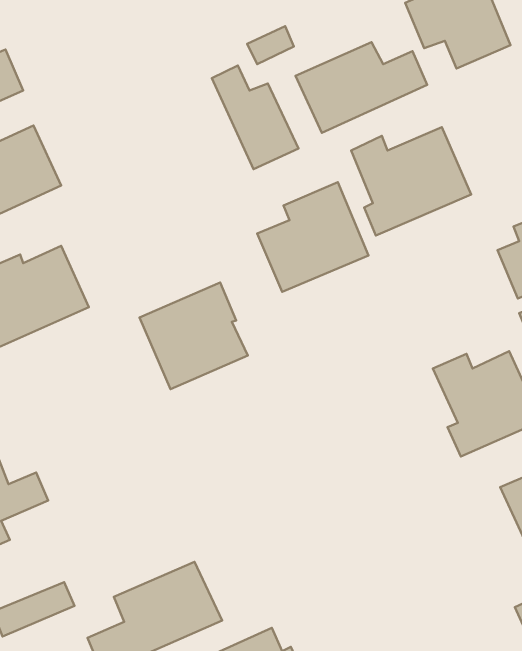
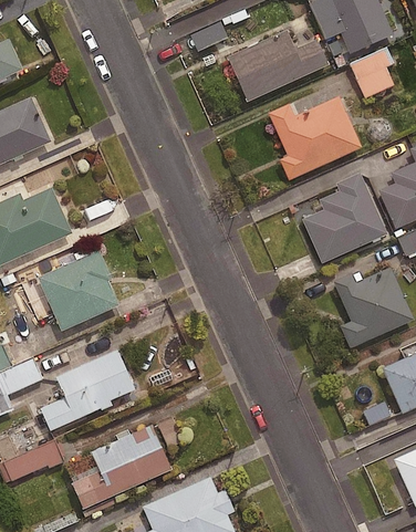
building: none -> [351,46,394,96]
building: [212,65,299,169] -> none
building: [257,182,368,292] -> [301,180,385,263]
building: [140,282,248,389] -> [38,251,119,332]
building: none -> [40,350,134,427]

